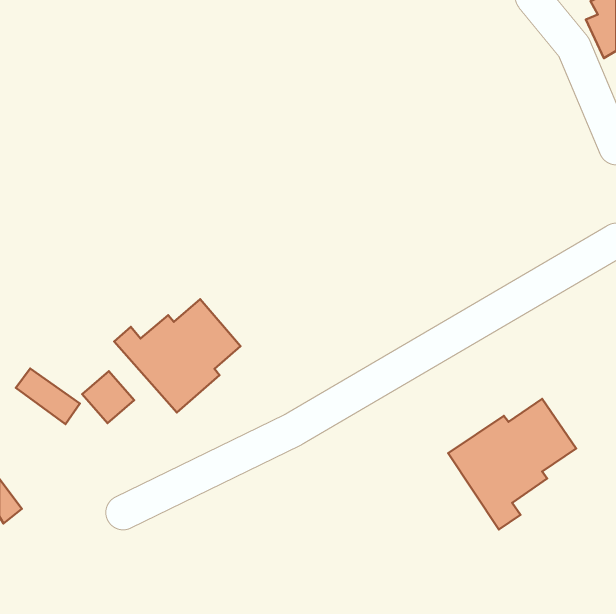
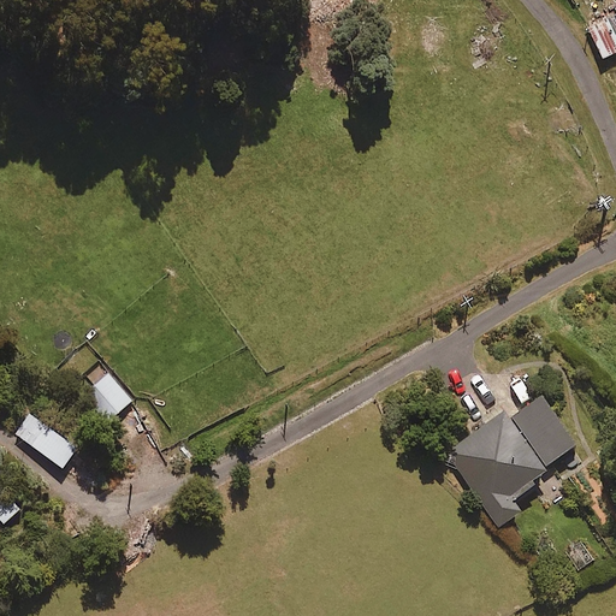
building: [114,299,241,412] -> none
building: [16,369,80,424] -> [16,411,79,467]

